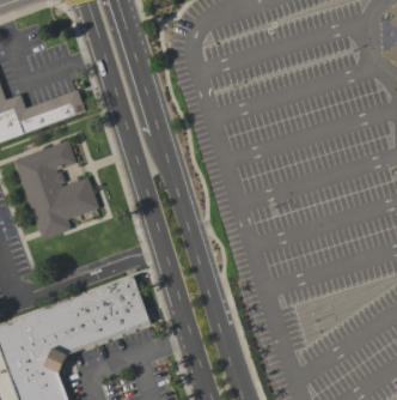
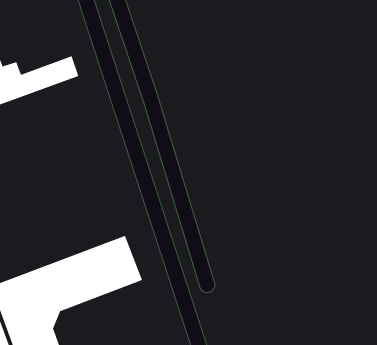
building: [13,140,99,240] -> none

